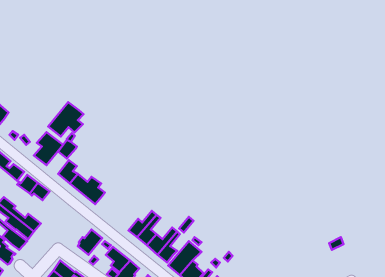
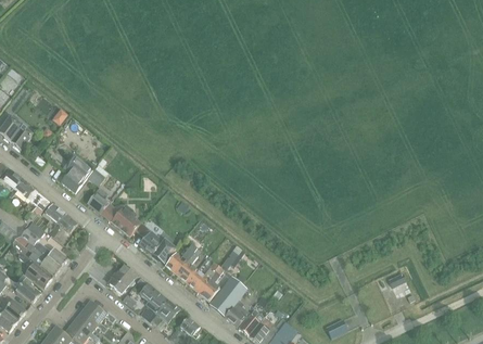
building: [48,102,83,137] -> none
building: none -> [138,230,175,263]

